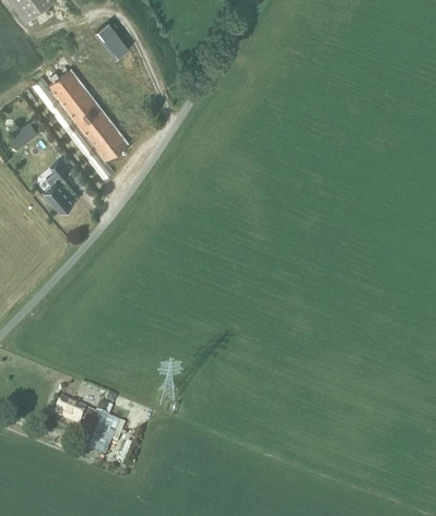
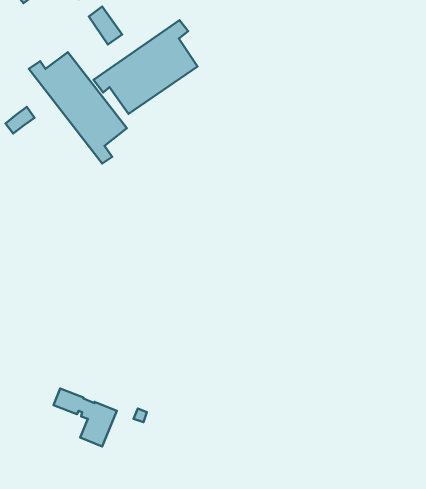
building: none -> [93,20,198,114]
building: [45,158,76,211] -> none

